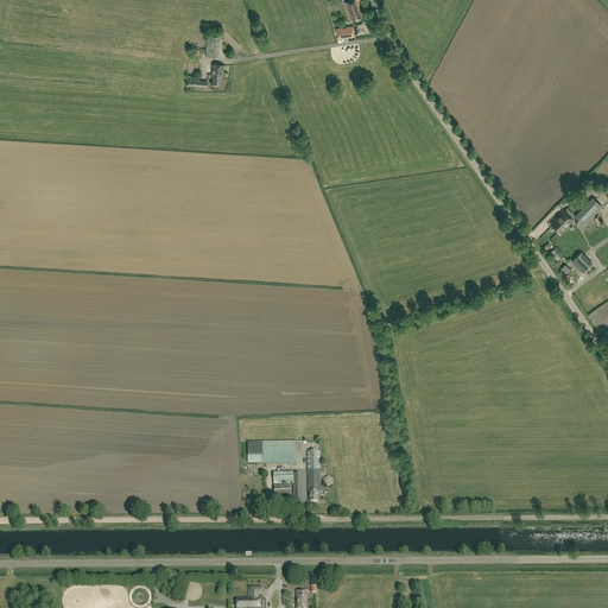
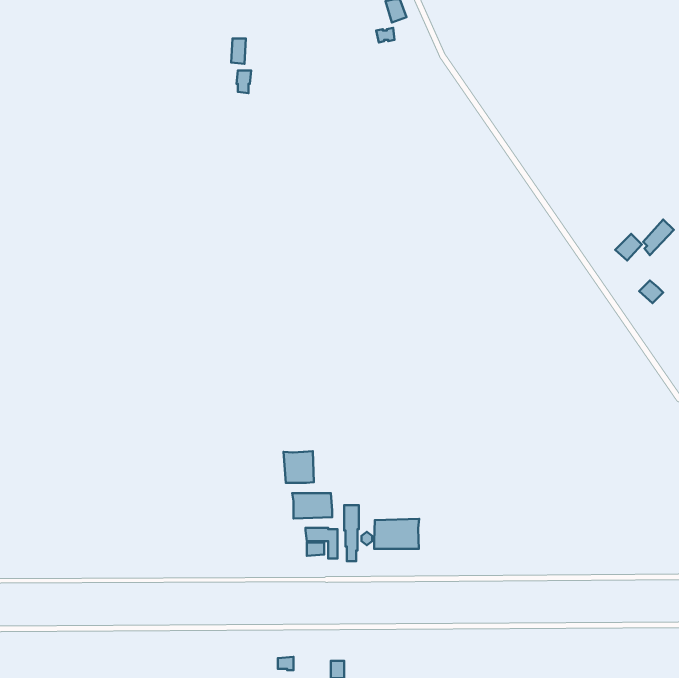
building: none -> [283,451,314,483]
building: none -> [374,519,419,549]

